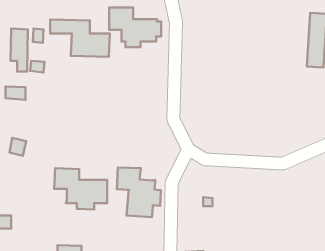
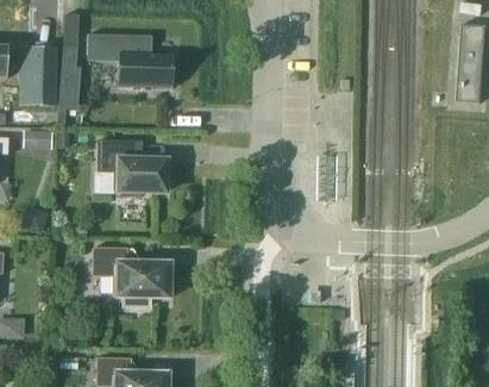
building: [109,8,161,47] -> [94,136,169,193]
building: [117,167,161,217] -> none

